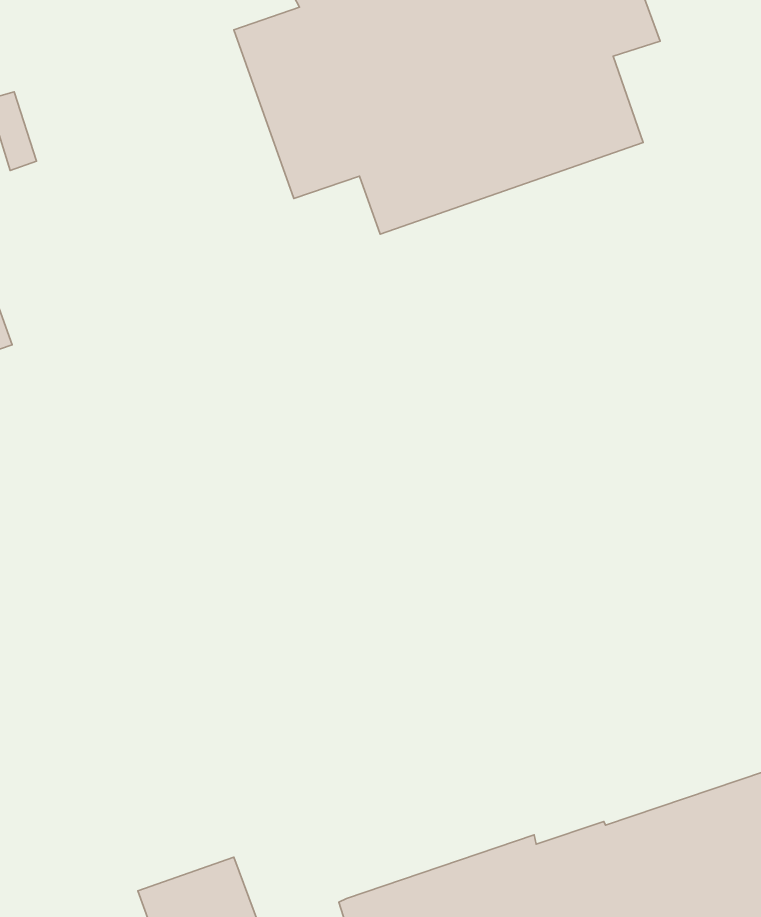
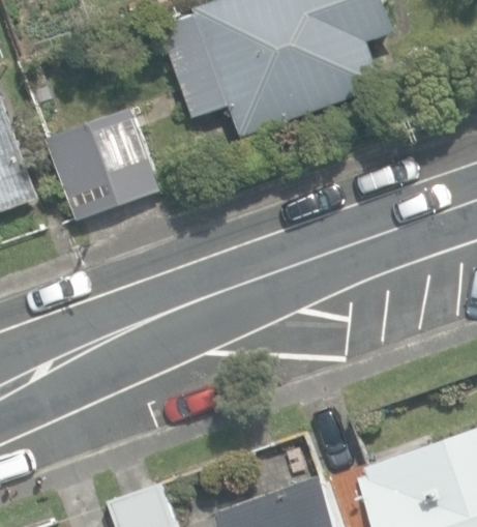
building: none -> [49,108,160,221]

